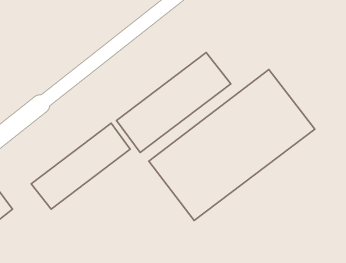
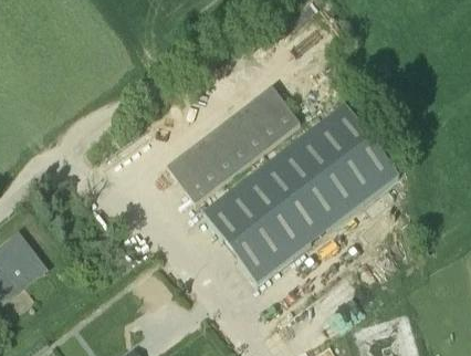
building: [31,123,130,209] -> none

